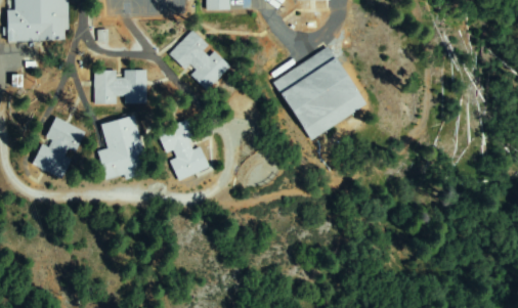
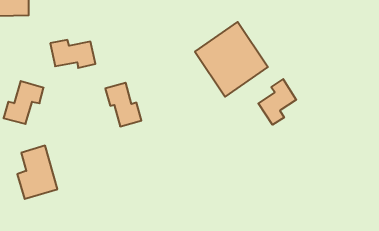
building: [173,30,226,88] -> none
building: [97,116,147,182] -> [17,146,57,199]
building: none -> [258,79,296,125]

